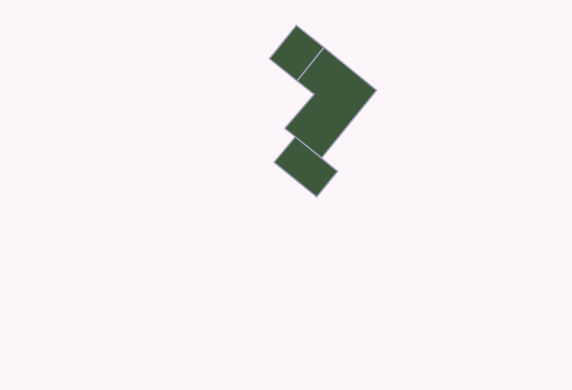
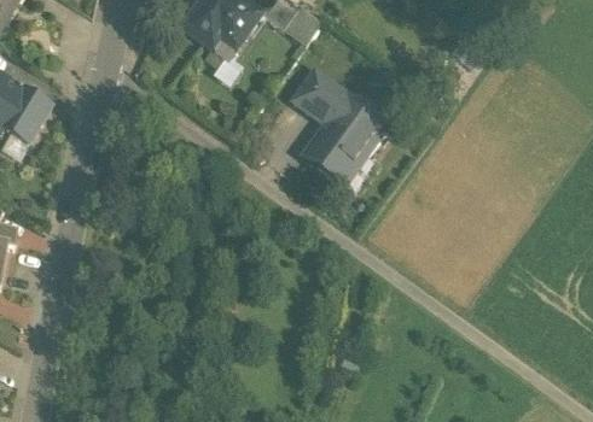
building: [274,137,338,197] -> none

